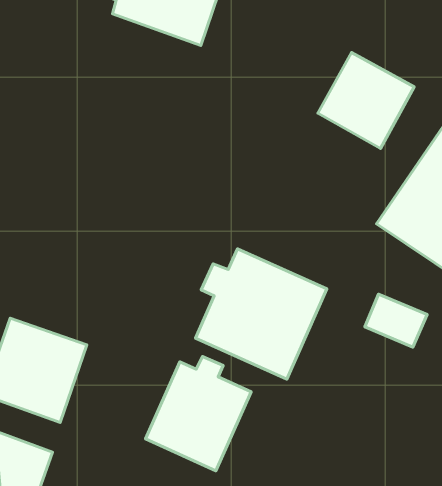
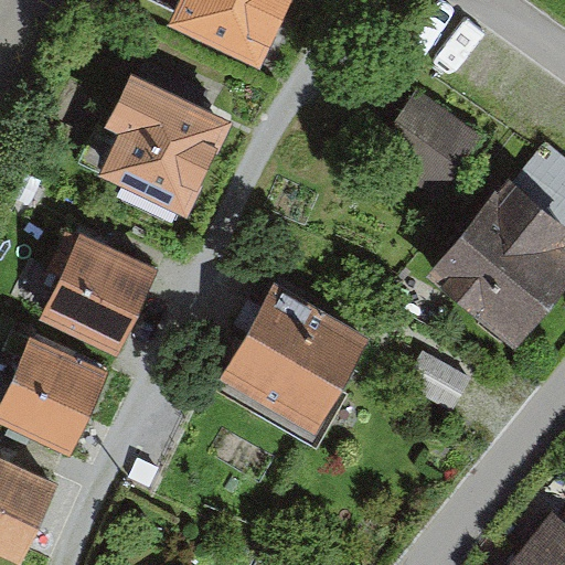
building: none -> [81,75,232,215]
building: none -> [44,230,157,353]
building: [145,357,251,471] -> none

